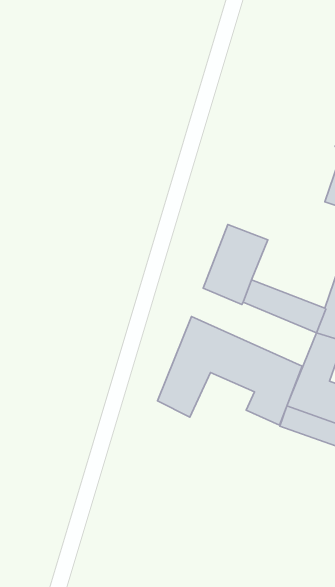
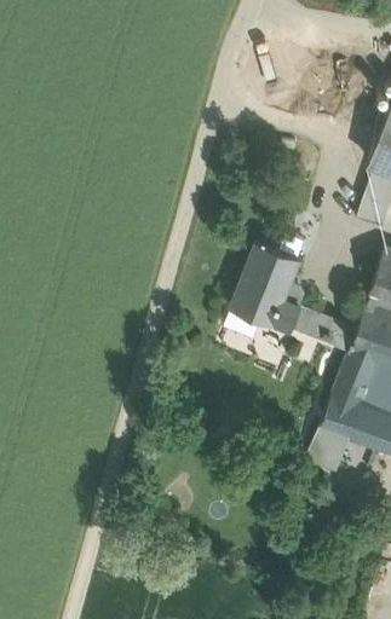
building: [157,317,302,425] -> none

